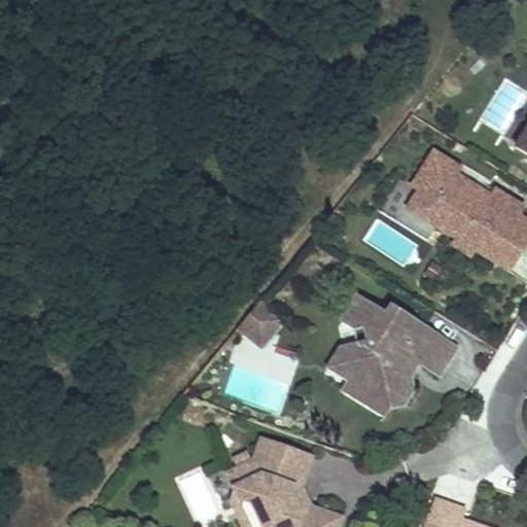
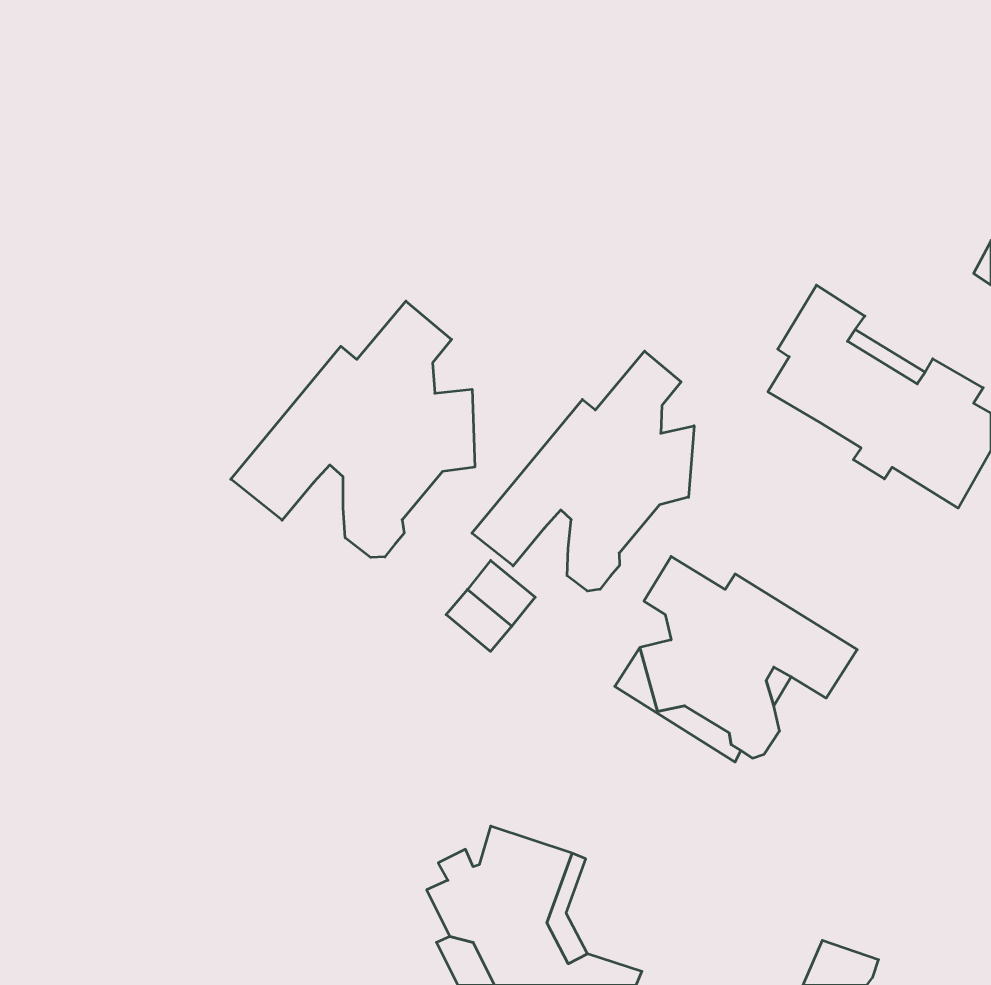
building: none -> [231,301,475,557]
building: none -> [472,351,694,591]

